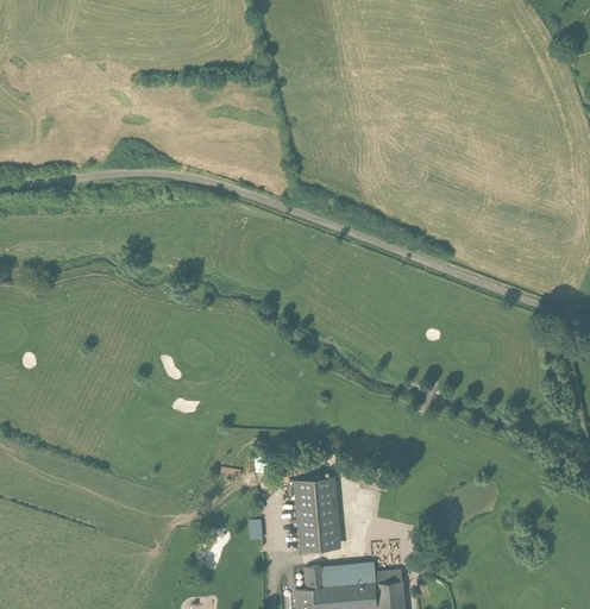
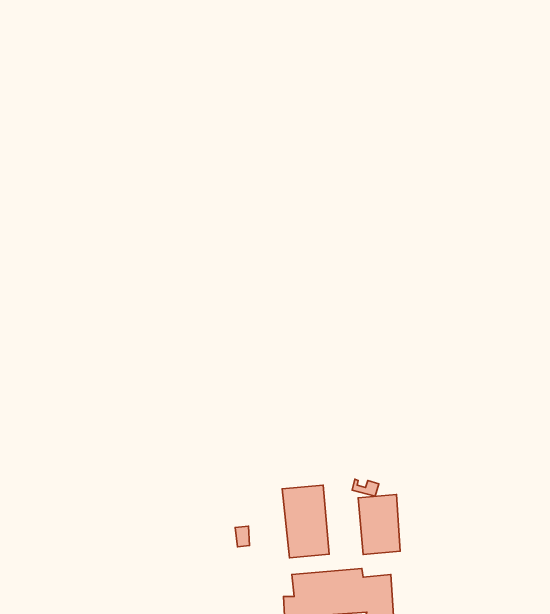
building: none -> [358,495,400,554]

